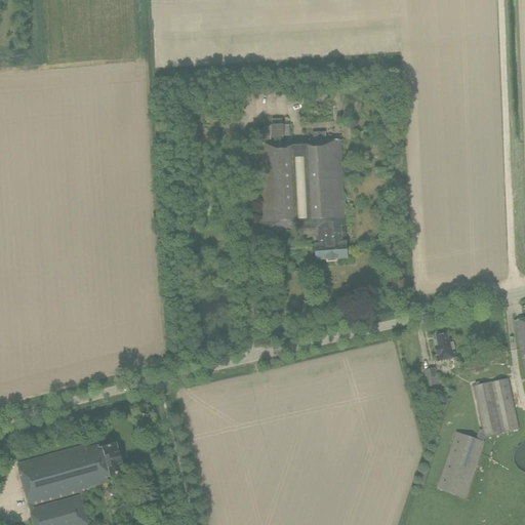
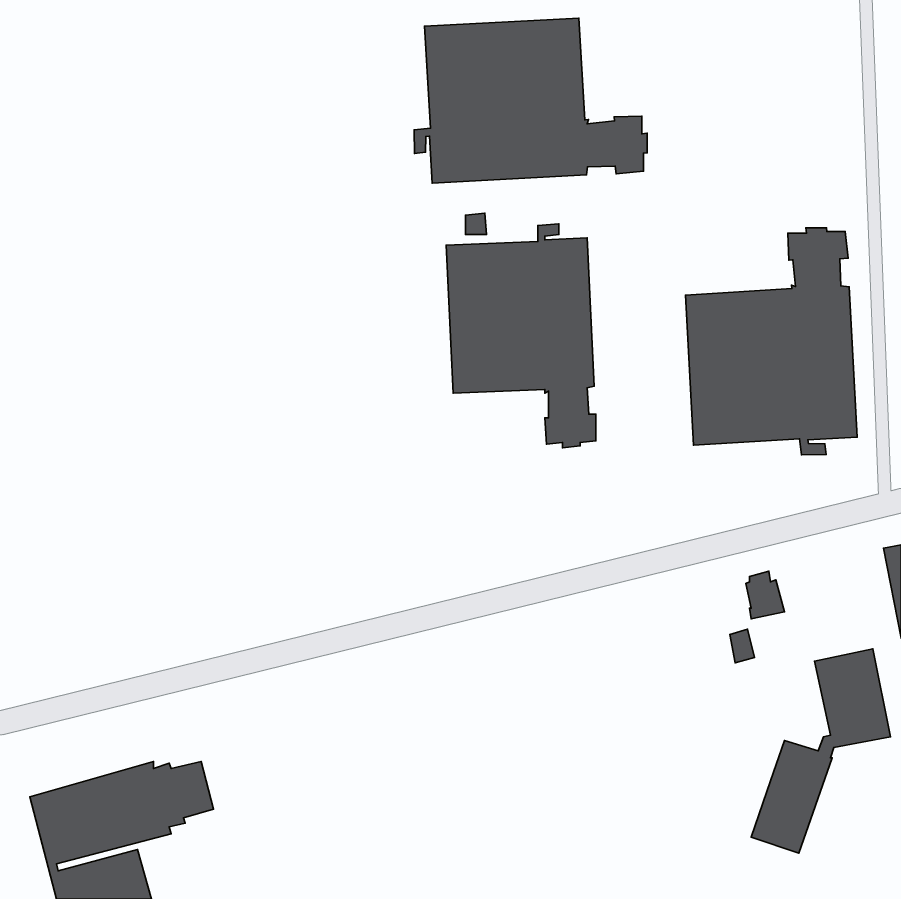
building: none -> [414,18,647,183]
building: none -> [685,228,857,455]

